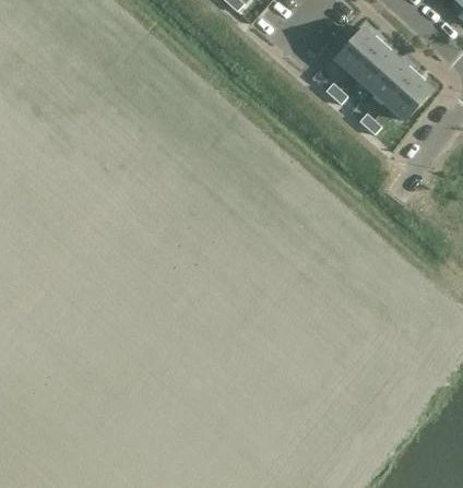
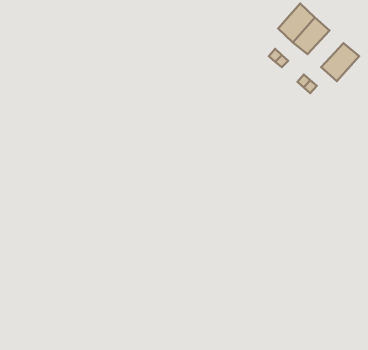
building: [370,60,413,104] -> none

